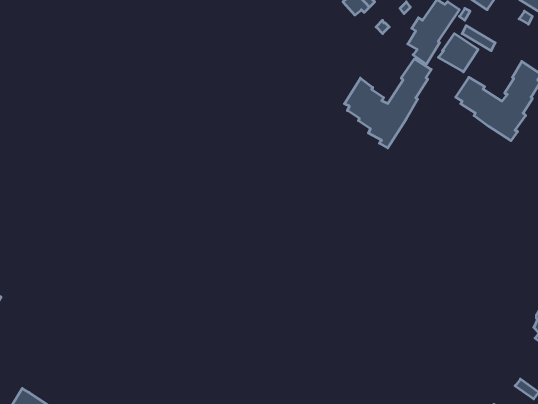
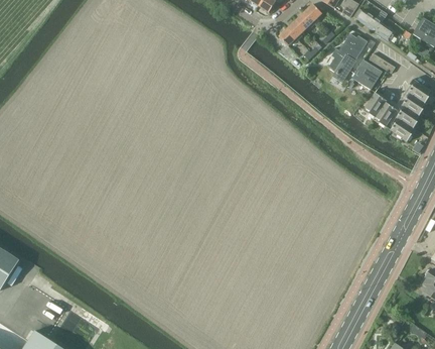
building: [344,59,431,148] -> none

